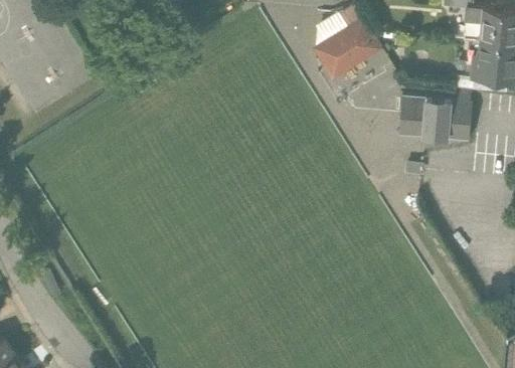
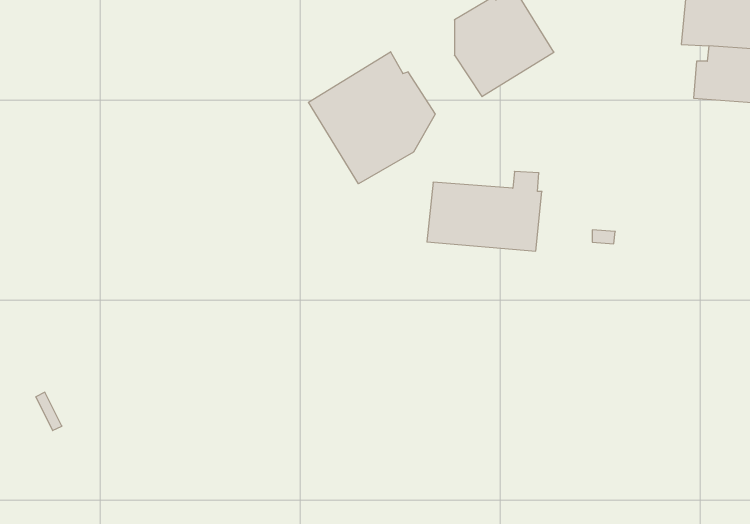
building: none -> [308,52,435,184]
building: [397,88,473,141] -> [427,171,542,251]

